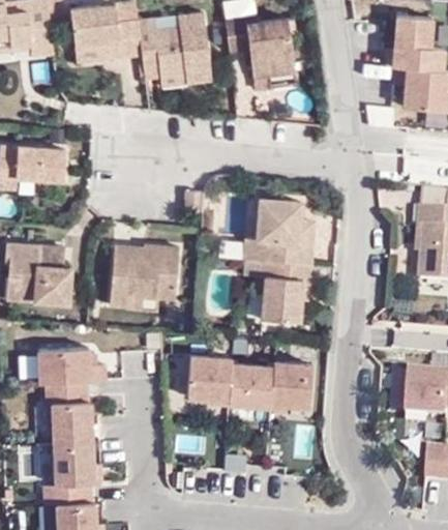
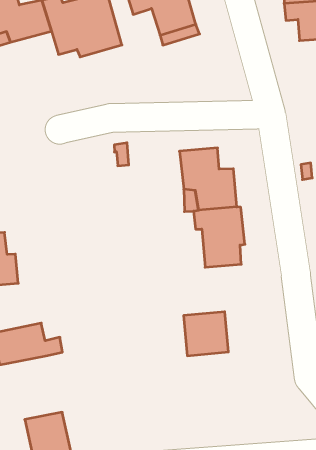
building: [111,243,179,312] -> none
building: [187,355,232,405] -> none
building: [270,363,311,411] -> none
building: [44,381,91,442] -> none

